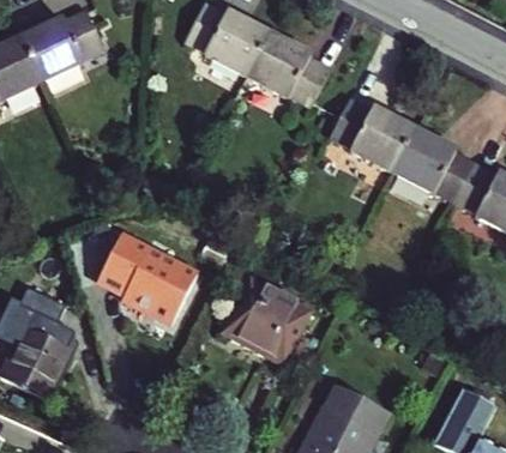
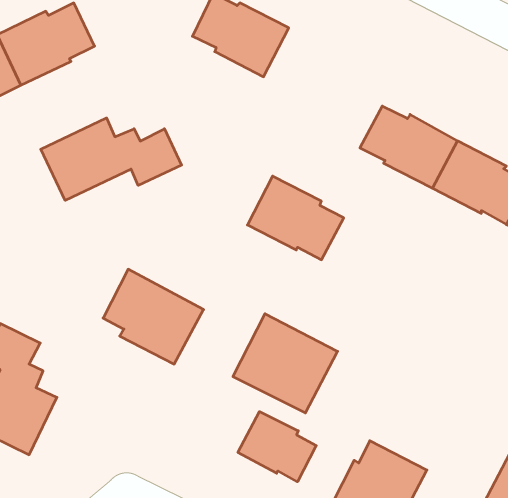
building: [248,31,331,103] -> [247,176,344,260]
building: none -> [41,118,182,200]
building: none -> [238,412,316,482]

